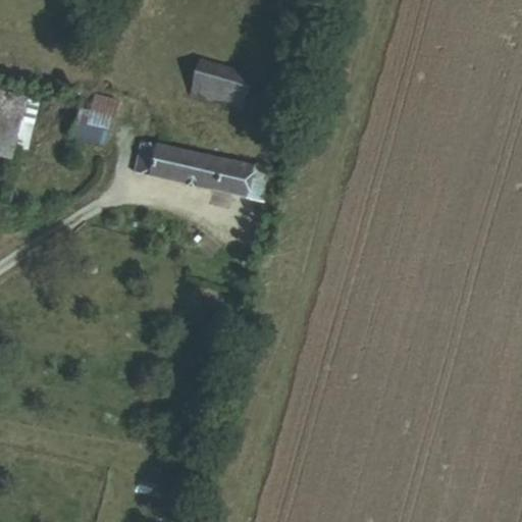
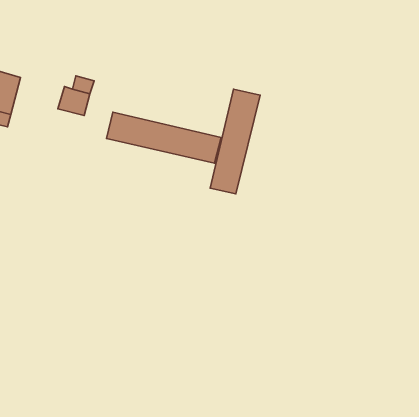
building: [189,57,249,107] -> none
building: none -> [210,89,260,194]

